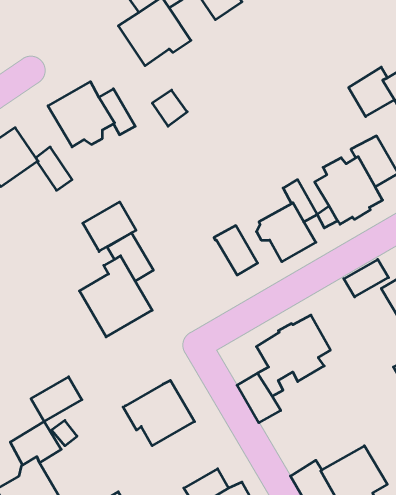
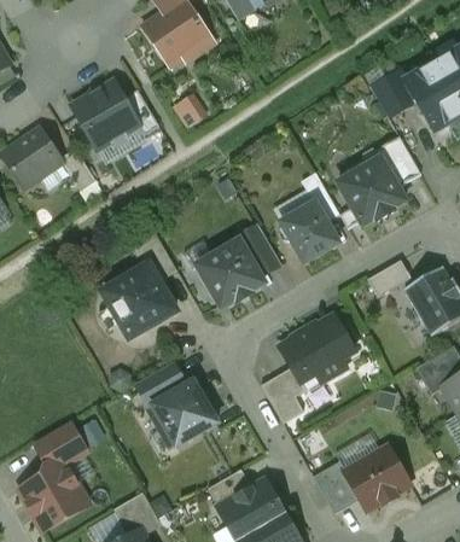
building: [83,202,136,252] -> none
building: none -> [198,240,264,308]
building: [31,377,82,422] -> [136,361,187,406]

